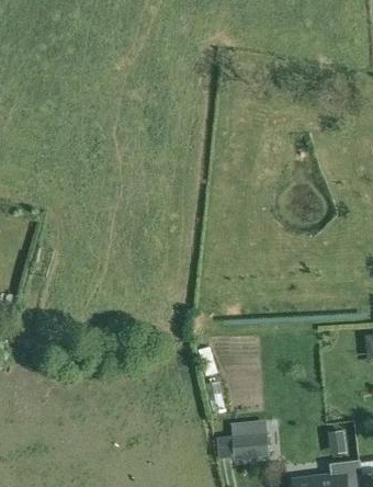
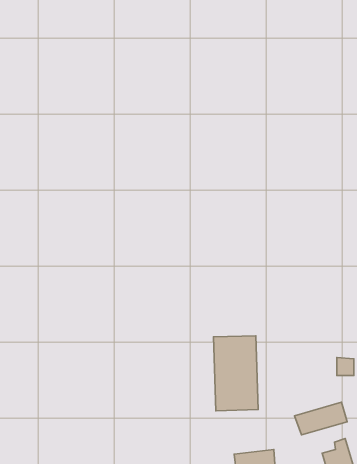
building: none -> [295,402,347,435]

